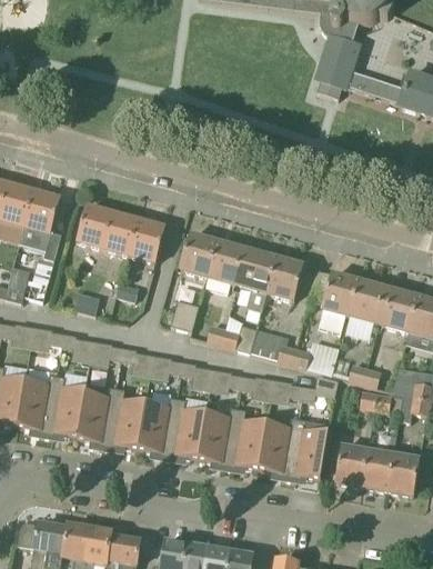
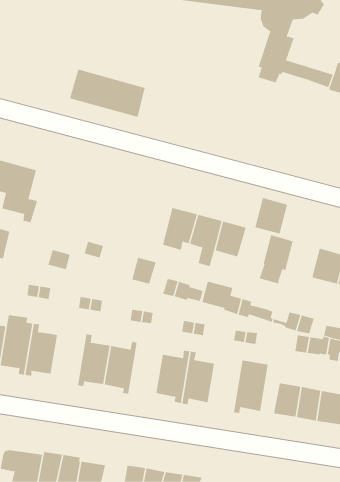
building: [75,204,164,261] -> [69,69,146,117]
building: [180,233,216,276] -> none
building: [349,280,387,322] -> [254,198,288,234]
building: [75,387,117,448] -> none
building: [167,398,205,460] -> none
building: [259,417,298,479] -> none

